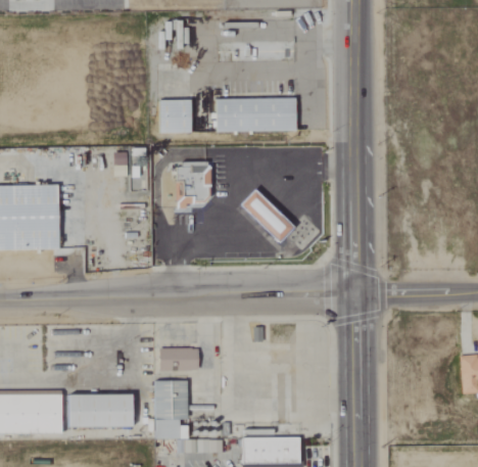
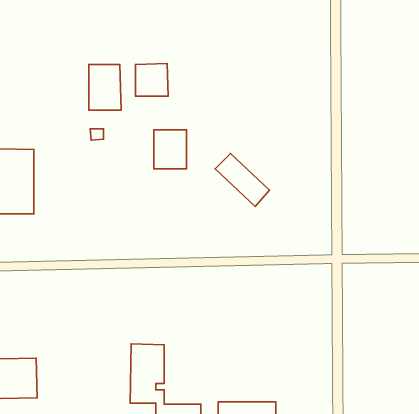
building: [216,97,296,132] -> none
building: none -> [89,65,121,110]
building: [160,347,199,371] -> none
building: [66,393,131,427] -> none

